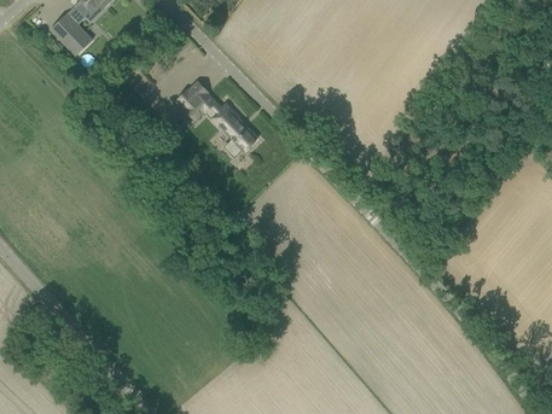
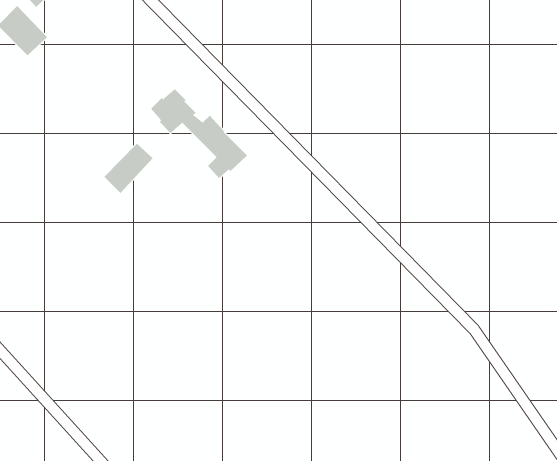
building: none -> [104,143,154,194]

